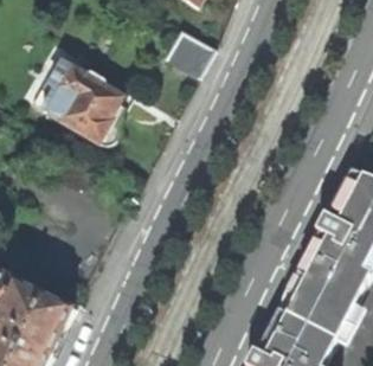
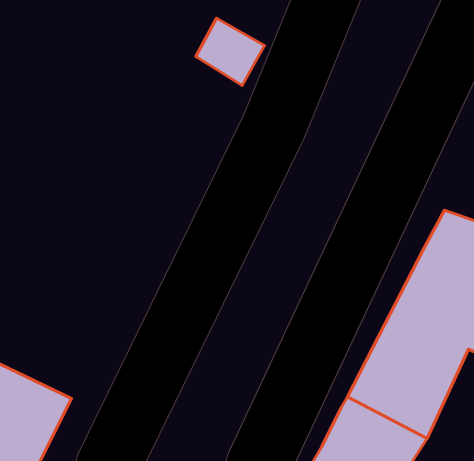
building: [52,66,127,147] -> none

